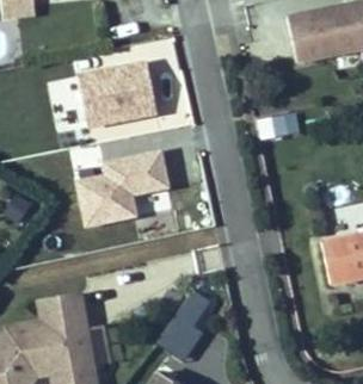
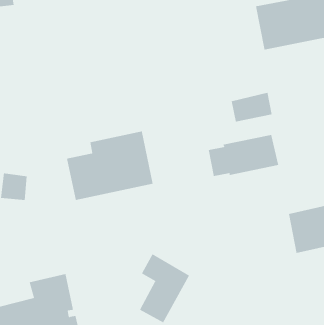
building: [78,55,161,125] -> none
building: none -> [208,134,279,177]

